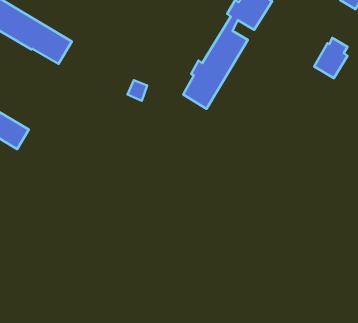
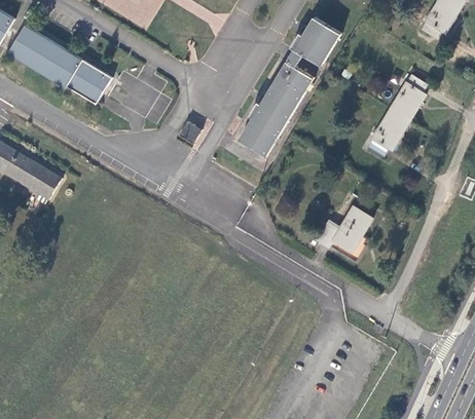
building: none -> [367,107,412,156]
building: none -> [313,206,371,253]

